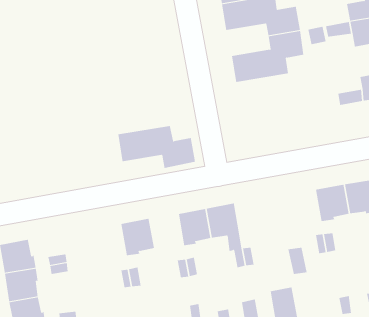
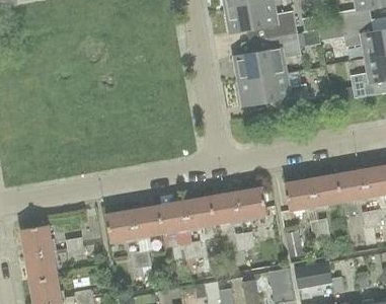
building: [117,125,196,169] -> [237,73,309,112]
building: none -> [285,179,315,211]
building: none -> [236,187,267,222]
building: none -> [158,202,189,233]
building: none -> [105,211,137,242]
building: none -> [294,263,322,290]

